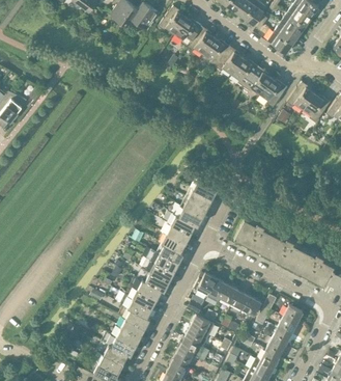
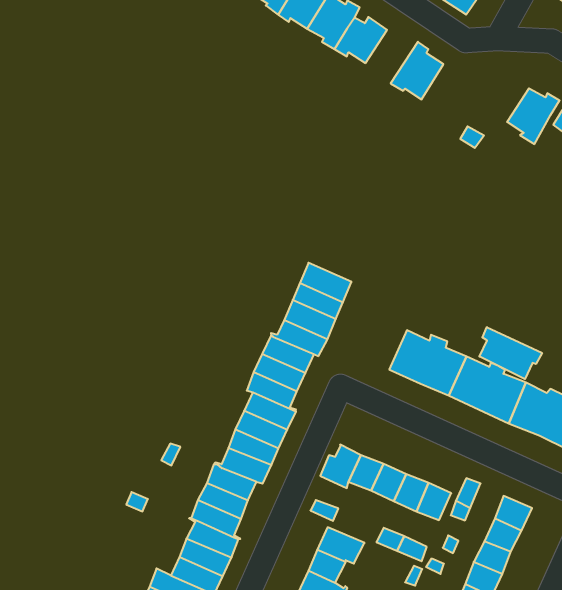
building: [231,60,259,88] -> none
building: [259,80,287,109] -> none
building: [287,83,315,112] -> none
building: none -> [479,327,542,379]

